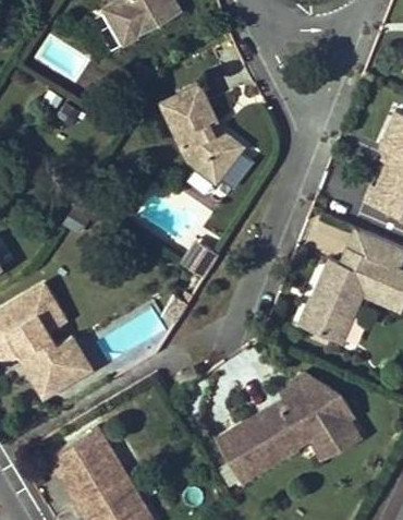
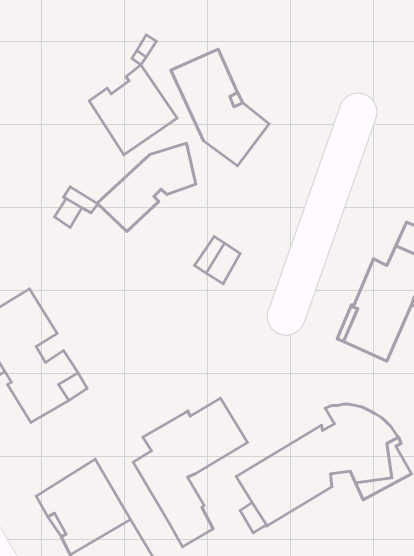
building: none -> [89,65,177,155]
building: none -> [97,143,196,231]
building: none -> [133,398,247,547]

